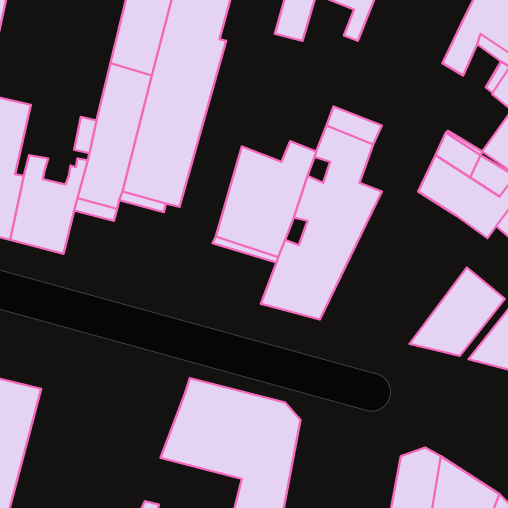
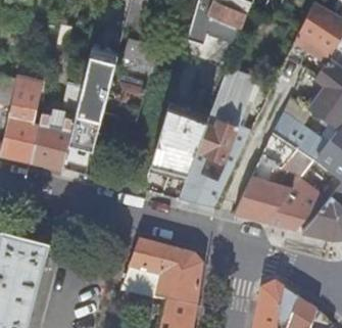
building: none -> [233,133,312,223]

